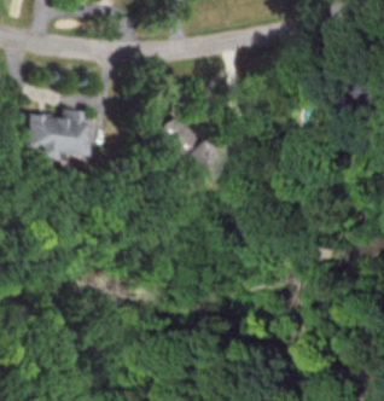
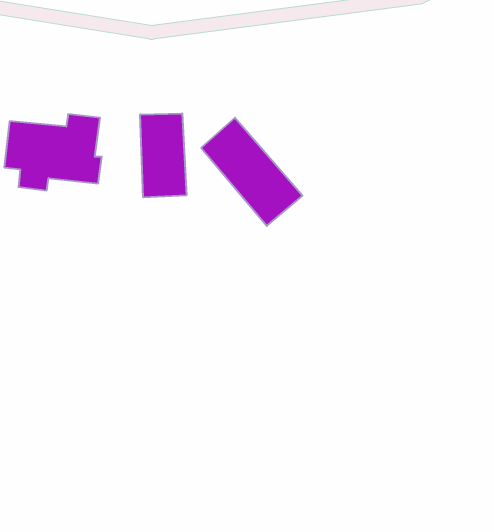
building: none -> [140,113,186,197]

